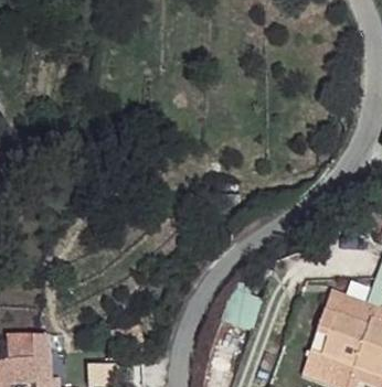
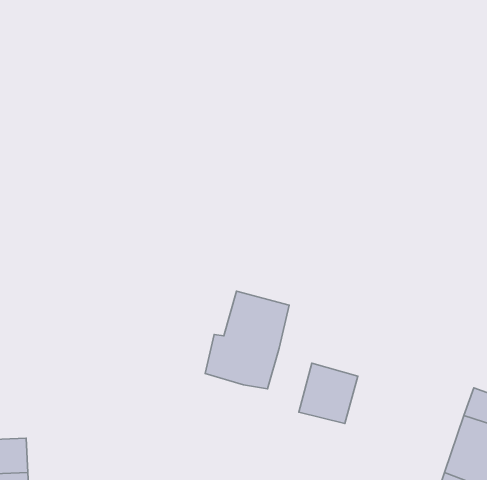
building: none -> [205,291,289,389]

